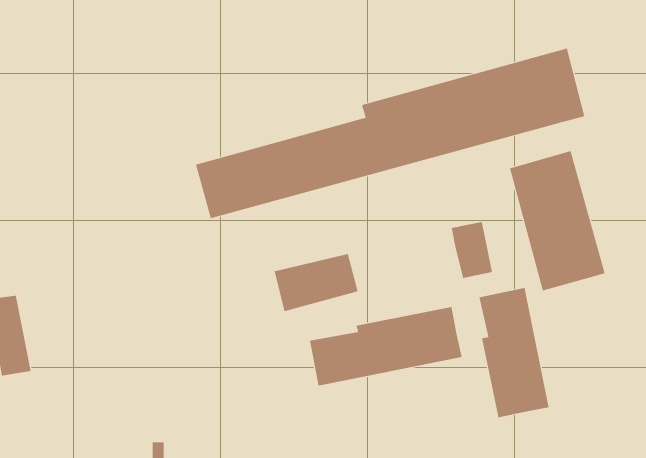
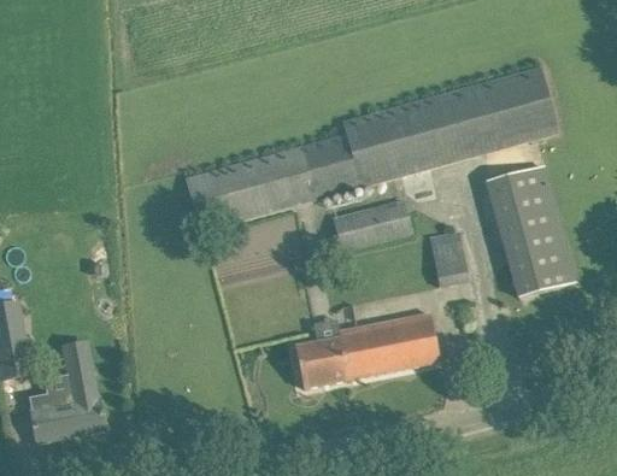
building: [274,253,359,312] -> [331,198,412,253]
building: [479,287,549,418] -> none
building: none -> [28,358,106,442]

